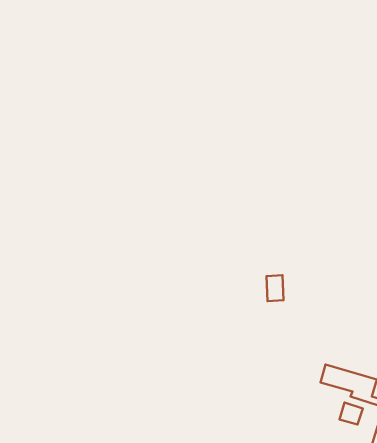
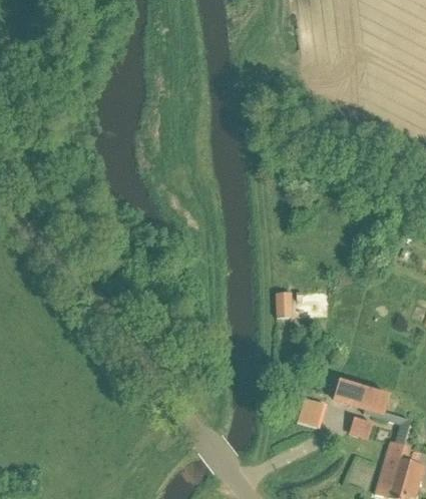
building: none -> [300,397,328,427]

